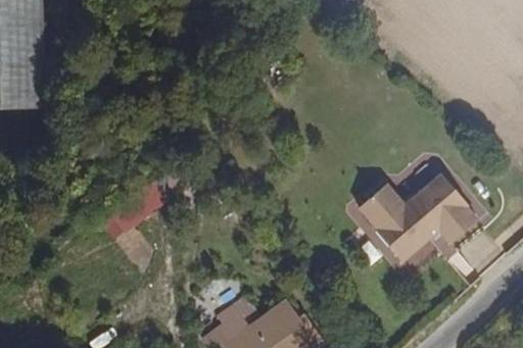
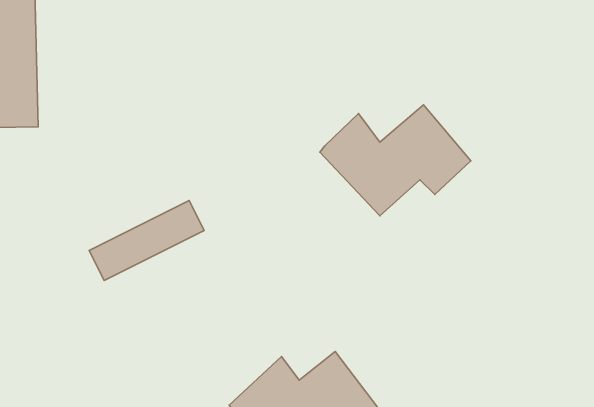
building: [358,173,481,264] -> [320,105,471,216]

